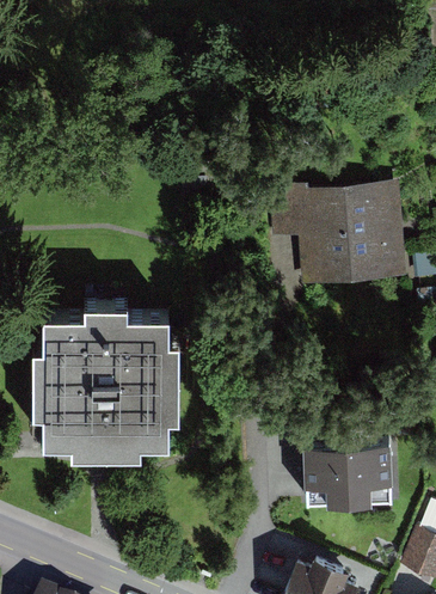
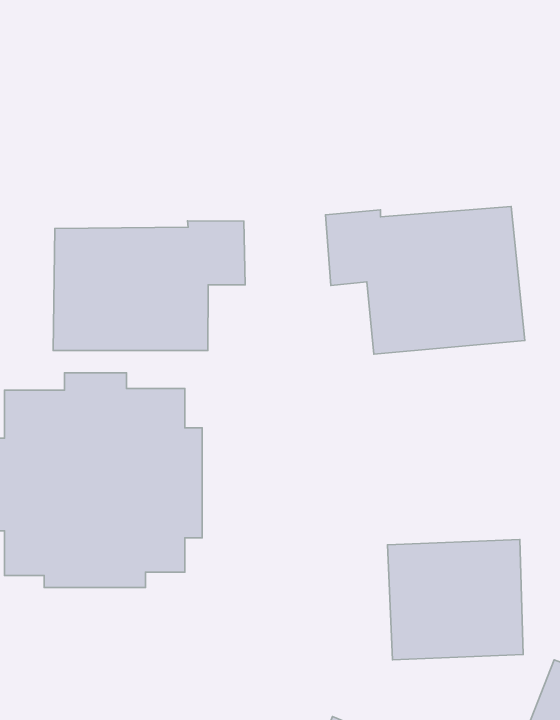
building: none -> [53,221,245,350]

